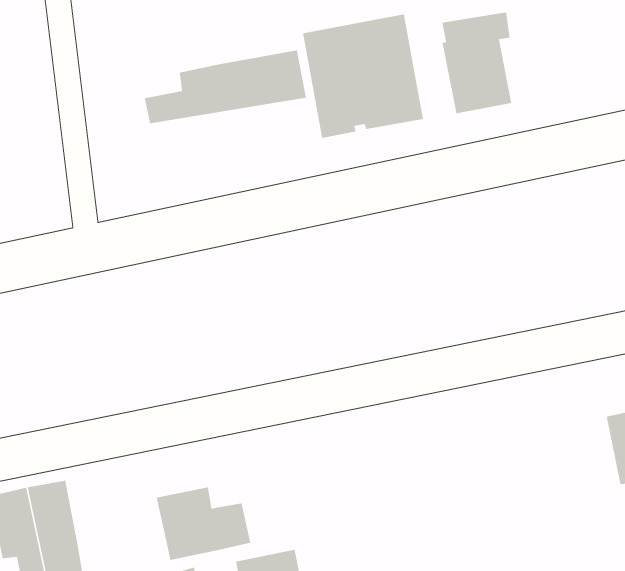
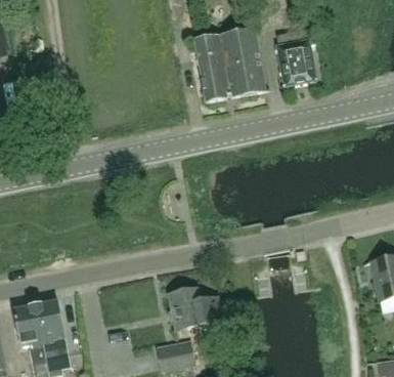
building: [144,49,307,124] -> none
building: [156,487,251,561] -> [167,286,222,329]

